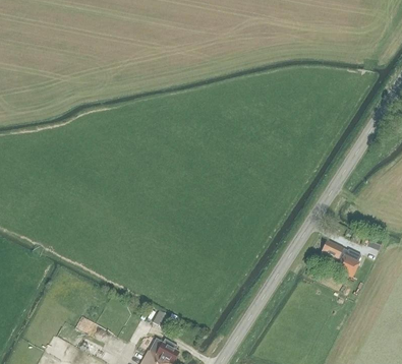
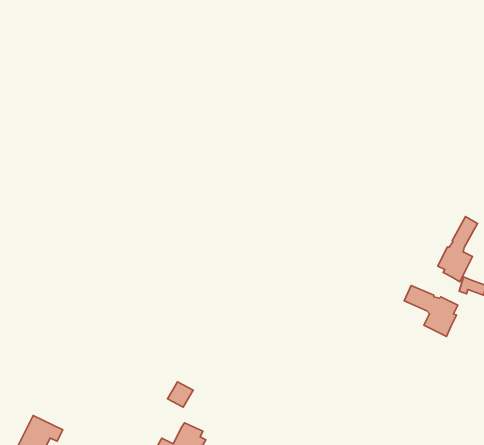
building: none -> [438,217,477,282]

